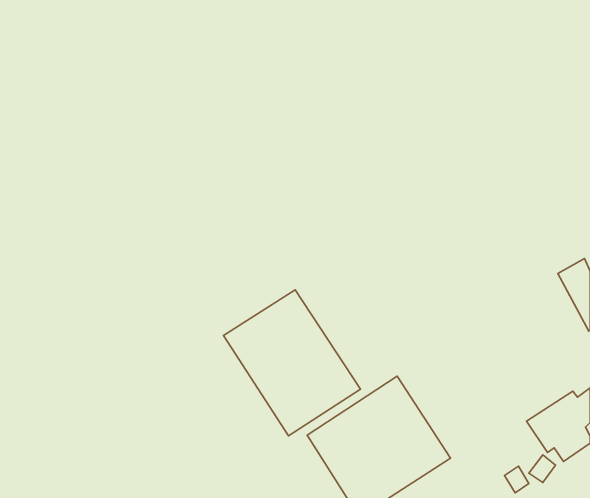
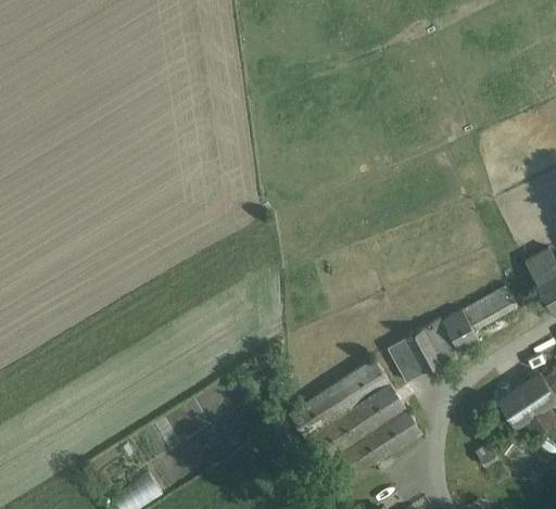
building: [224,290,360,436] -> none
building: none -> [387,284,517,382]

